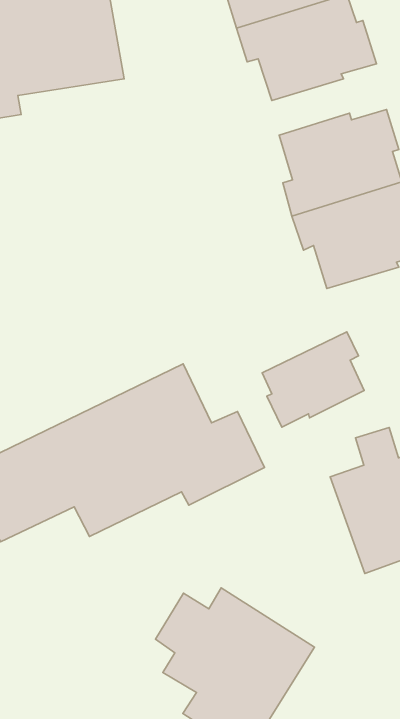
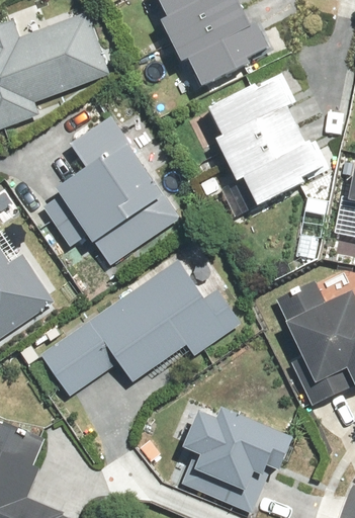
building: none -> [53,116,179,269]
building: [262,332,364,427] -> none

